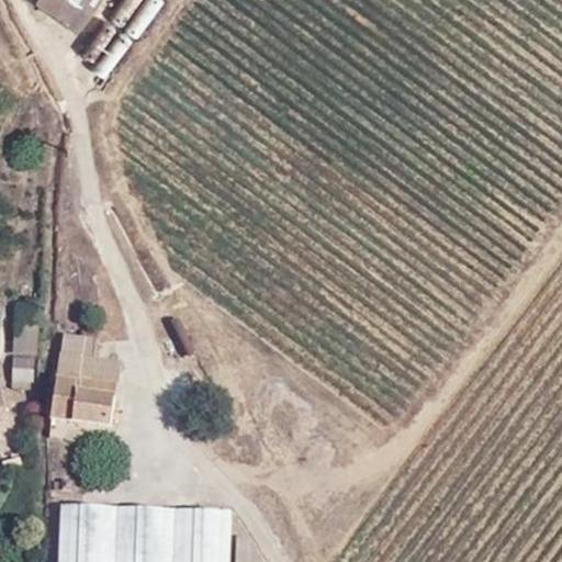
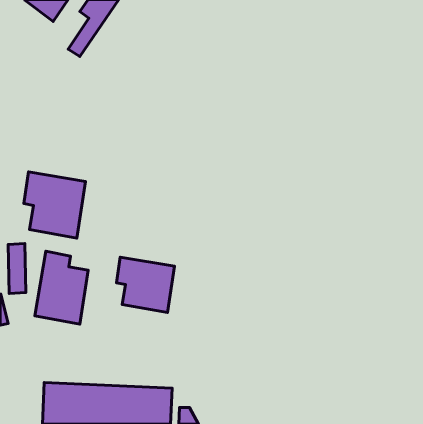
building: none -> [24,172,86,238]
building: none -> [116,257,174,313]

